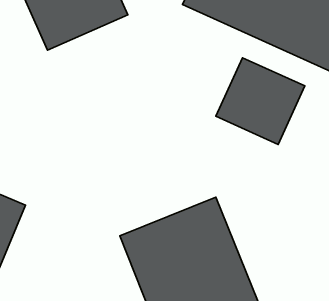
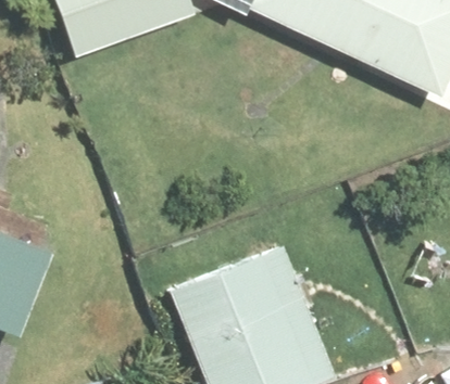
building: [216,58,305,145] -> none

